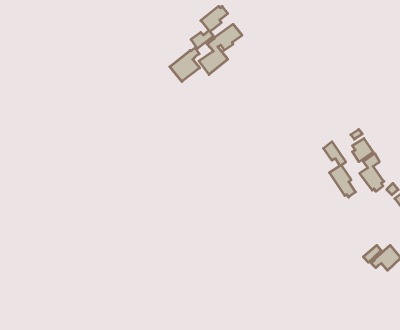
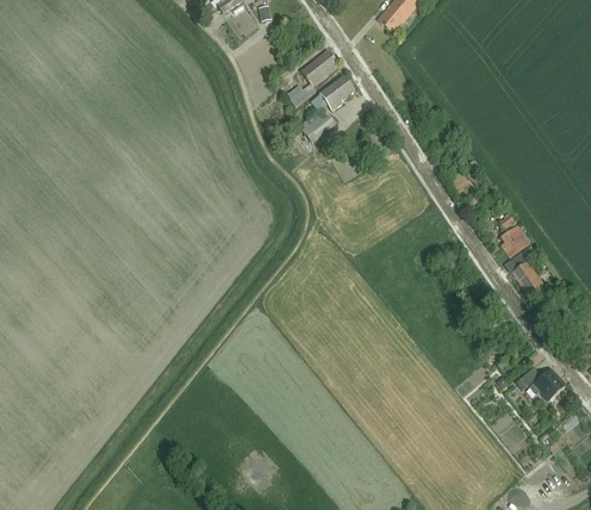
building: [170,48,200,82] -> none
building: [323,142,356,197] -> none

